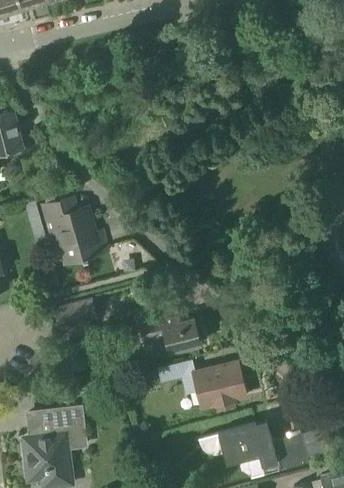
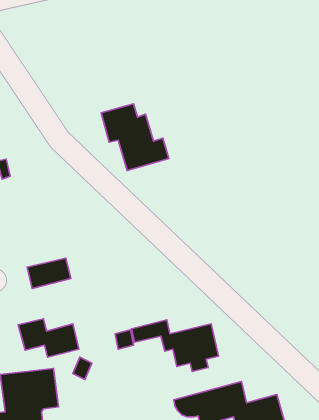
building: [41,197,108,263] -> [101,104,169,171]
building: [140,313,200,351] -> [18,319,79,357]

